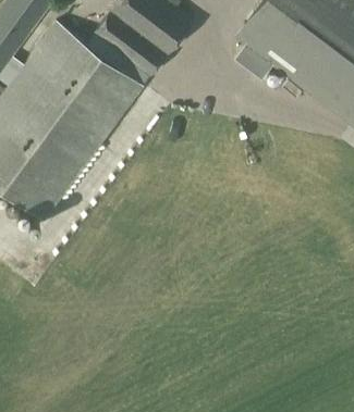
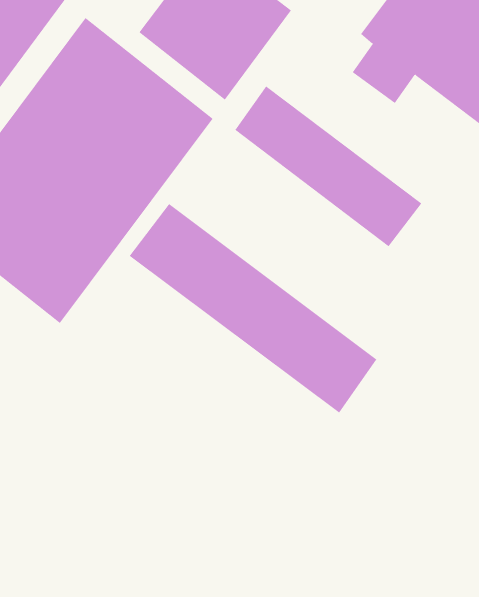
building: none -> [234,85,422,247]
building: none -> [129,203,377,413]

